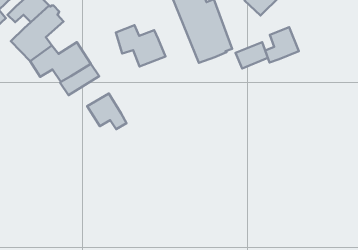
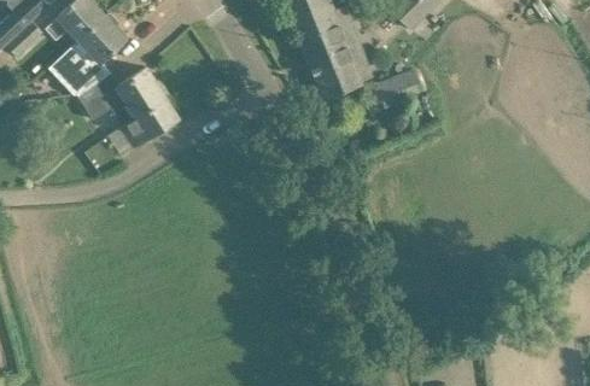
building: [116,25,165,66] -> none
building: [265,27,299,62] -> none
building: [87,93,127,129] -> none

